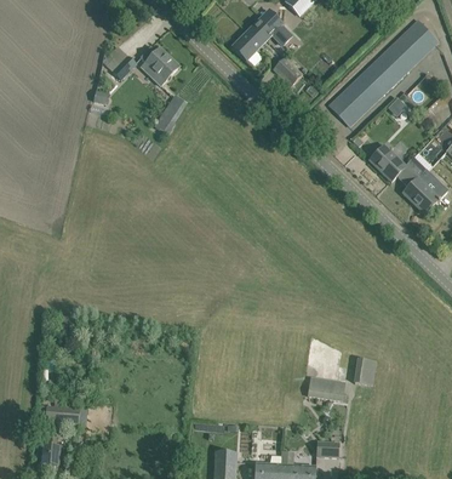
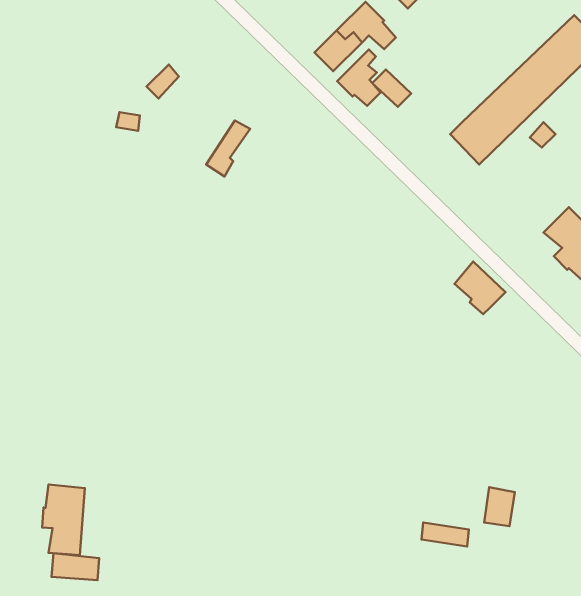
building: none -> [337,50,380,106]
building: [141,45,178,85] -> none
building: [371,142,407,179] -> [454,262,505,314]
building: none -> [42,484,85,555]

